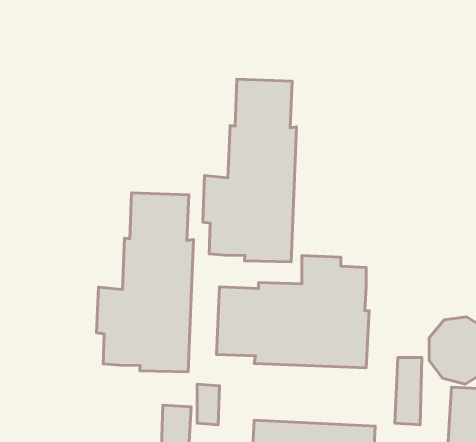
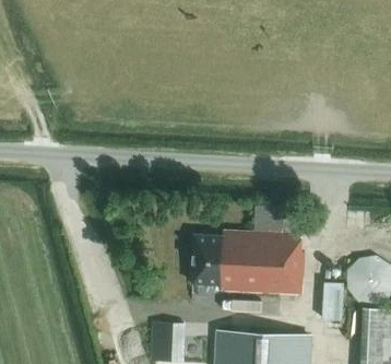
building: [203,79,297,262] -> none
building: [96,193,193,372] -> none

